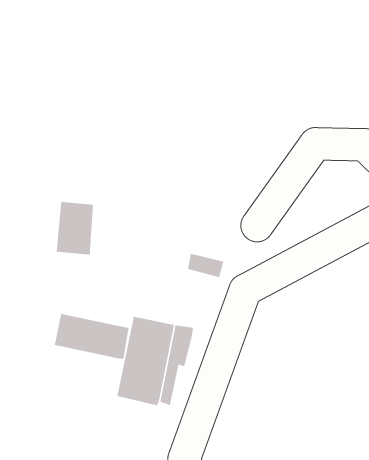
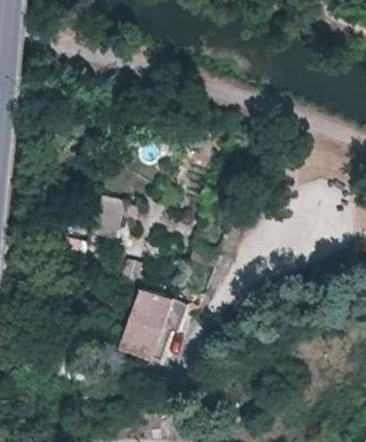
building: [54,313,129,360] -> none

